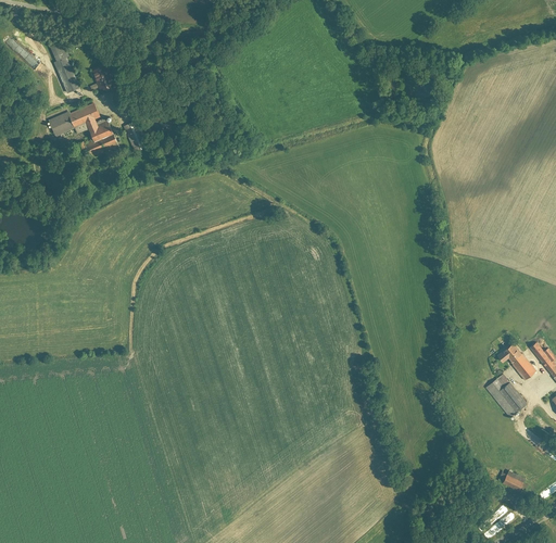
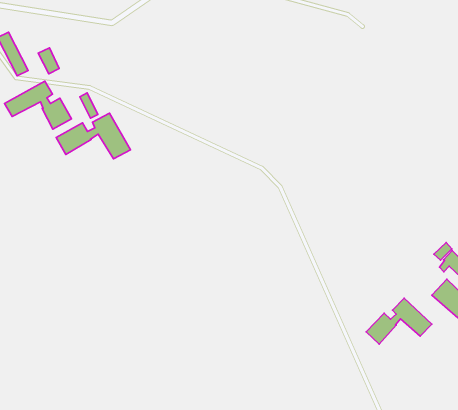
building: none -> [56,113,130,159]
building: none -> [366,298,432,344]

